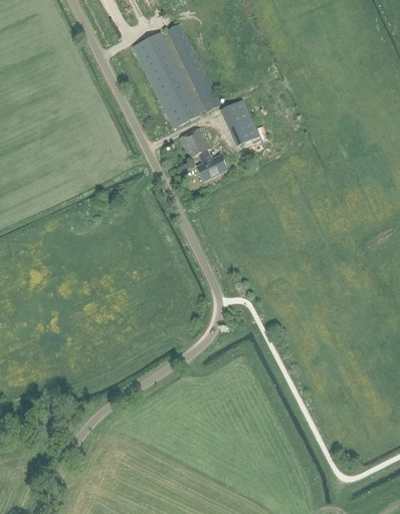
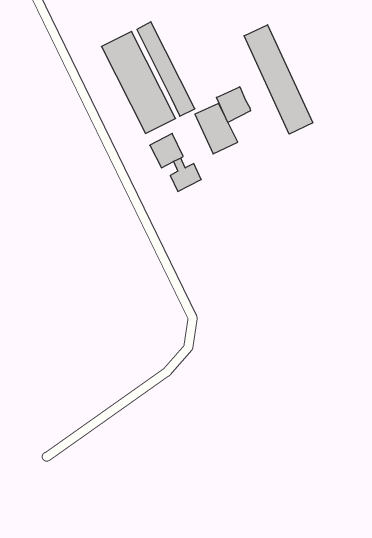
building: none -> [244,25,313,134]
building: none -> [216,87,250,122]

